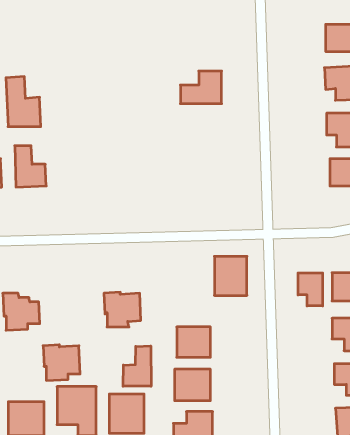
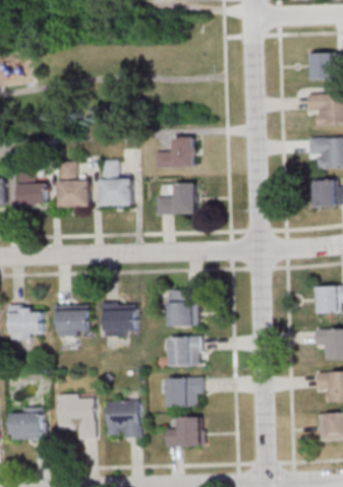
building: [180,71,222,104] -> [156,137,194,168]
building: [6,77,41,127] -> [57,162,90,208]
building: none -> [99,161,131,207]
building: none -> [156,183,195,215]
building: [214,256,247,295] -> [167,290,197,326]
building: [298,273,323,306] -> none
building: [43,345,80,380] -> [53,305,88,339]
building: [123,346,151,386] -> none

